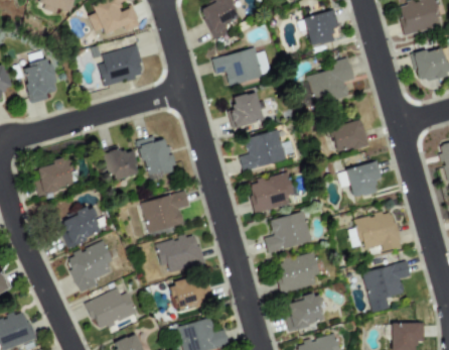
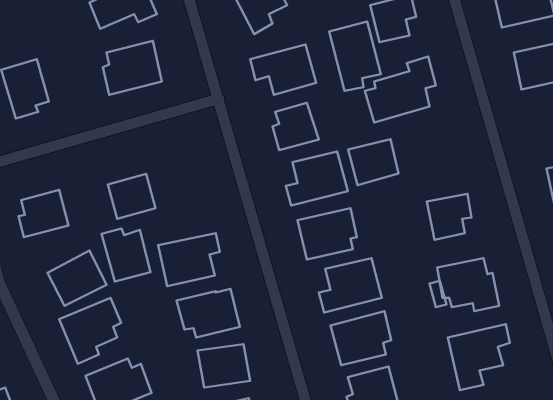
building: none -> [329,22,381,91]
building: [329,119,367,154] -> [348,139,398,185]
building: [137,137,174,178] -> [102,229,150,281]

